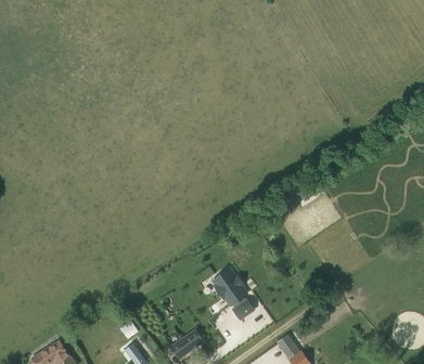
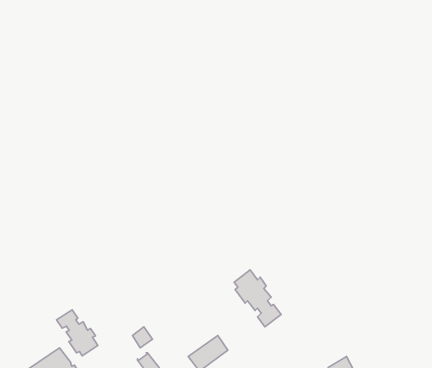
building: none -> [56,310,98,356]

